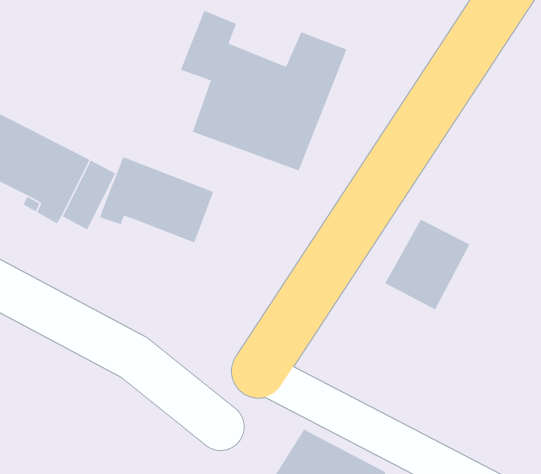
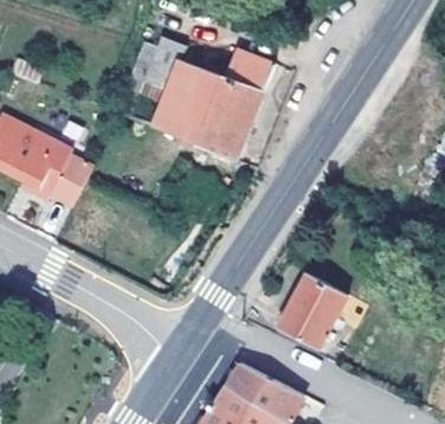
building: [99,156,214,244] -> none
building: [384,218,470,311] -> [279,272,347,345]

